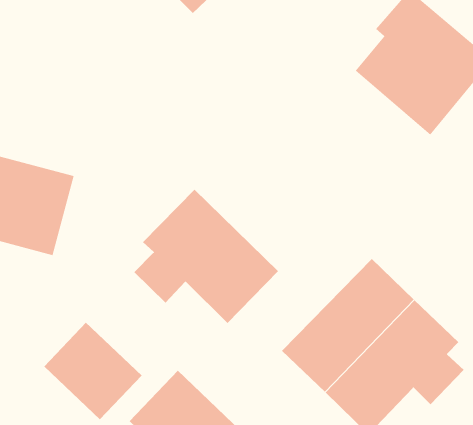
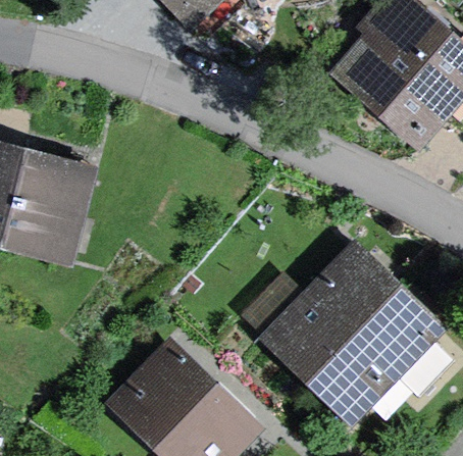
building: [133,189,279,324] -> none
building: [43,322,142,420] -> none

